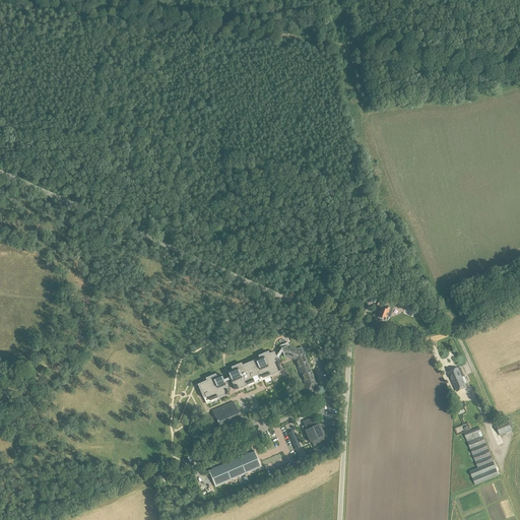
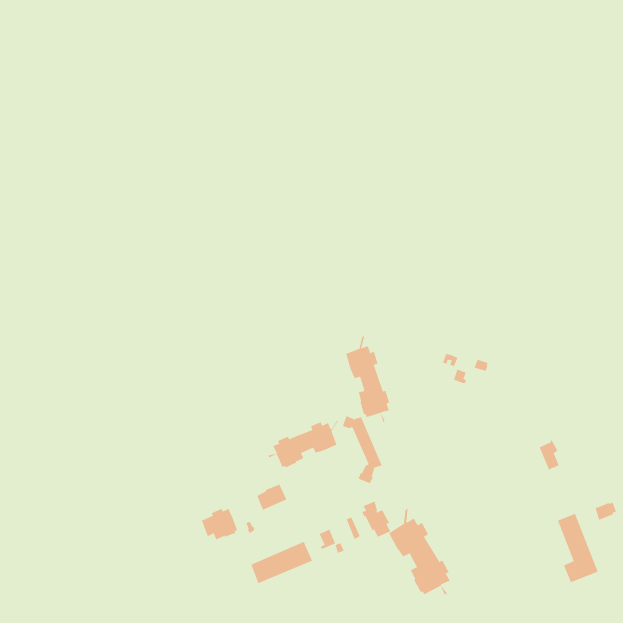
building: none -> [346,335,390,423]
building: [197,374,228,400] -> [201,508,238,540]
building: none -> [388,508,451,595]

